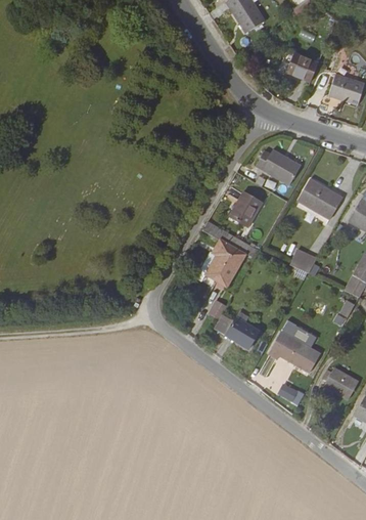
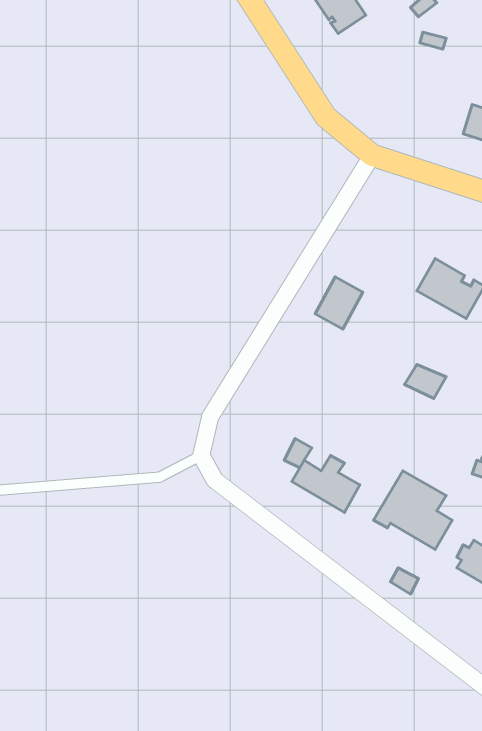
building: [285,53,318,82] -> none
building: [256,144,303,183] -> none
building: [202,221,259,287] -> none

